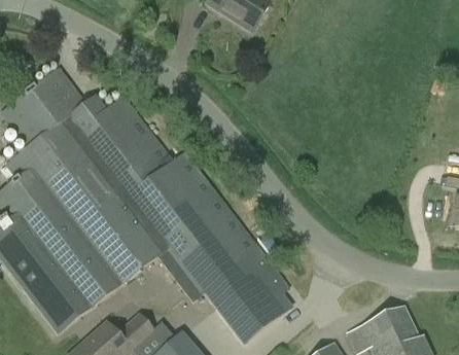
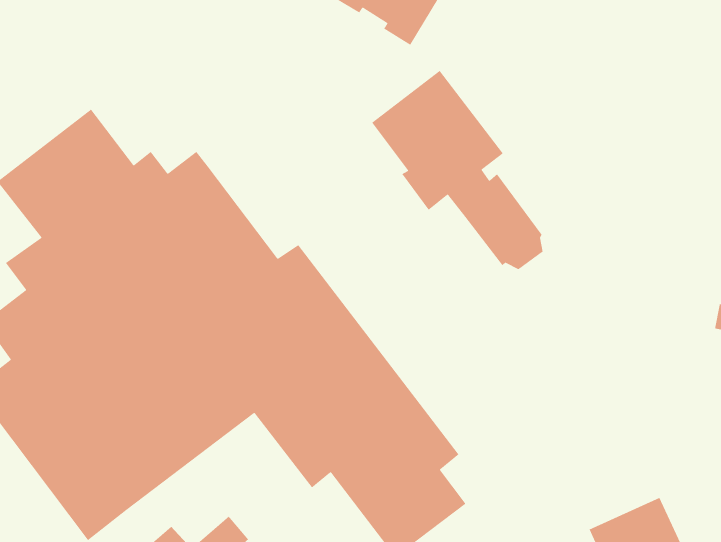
building: none -> [371,70,543,270]

